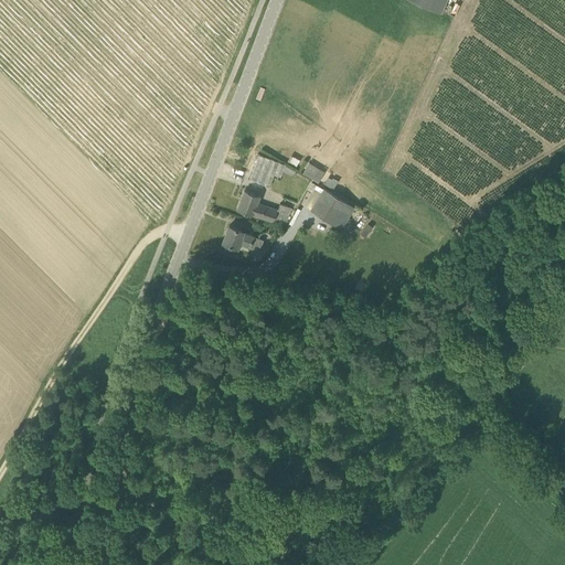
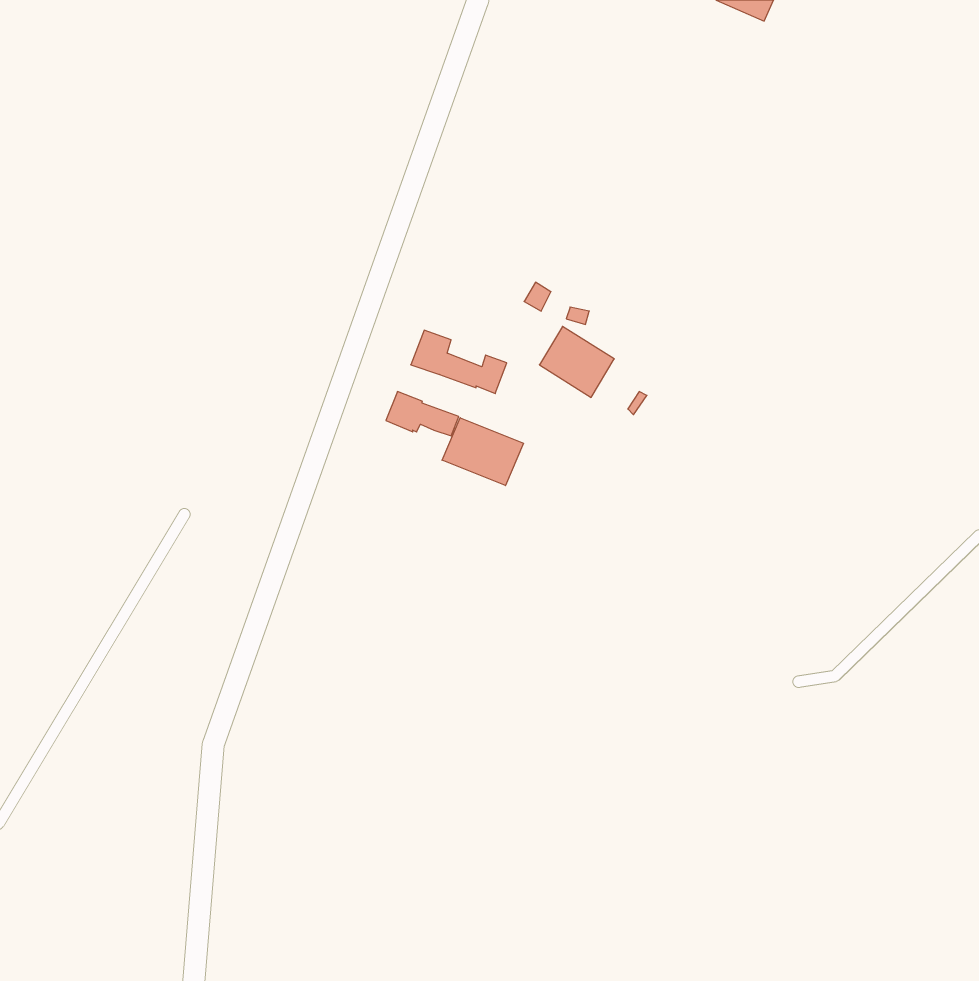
building: [248,154,285,186] -> none
building: none -> [442,418,524,486]

